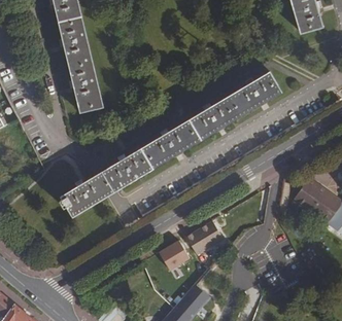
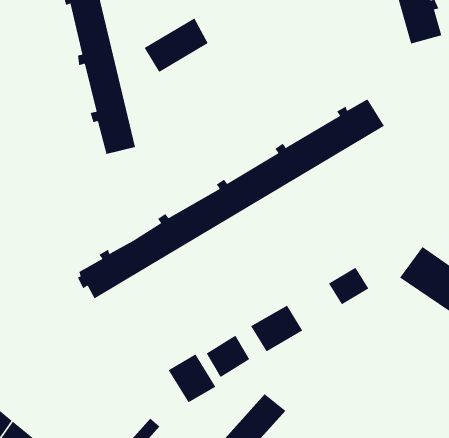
building: none -> [144,18,209,73]
building: none -> [328,267,369,305]
building: none -> [168,353,216,403]

